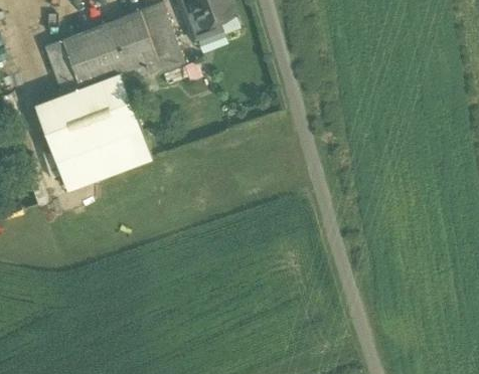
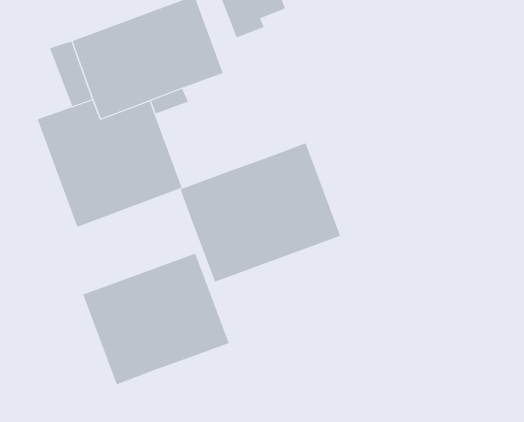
building: none -> [180,142,341,282]
building: none -> [83,253,229,385]

